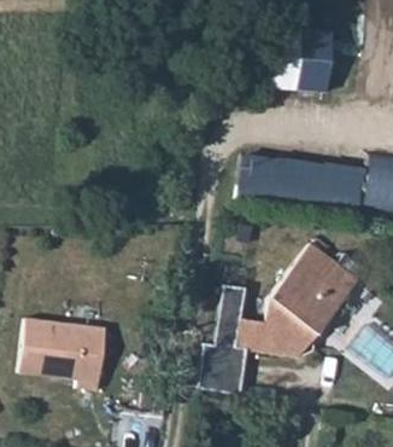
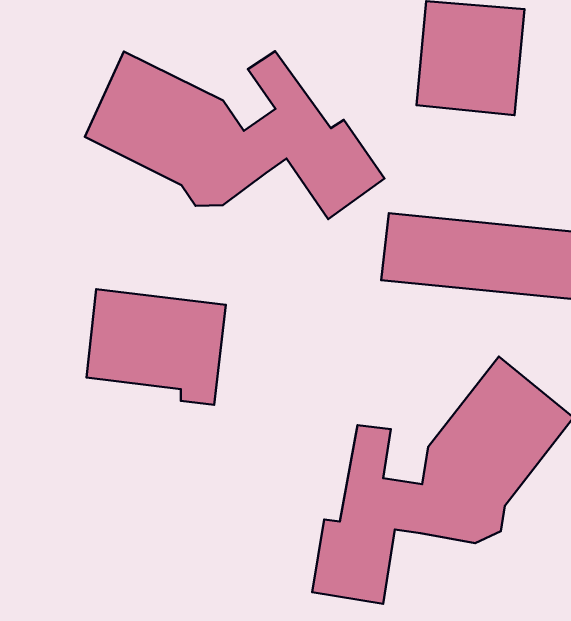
building: none -> [85,51,384,219]
building: [20,318,106,389] -> [86,289,226,405]

